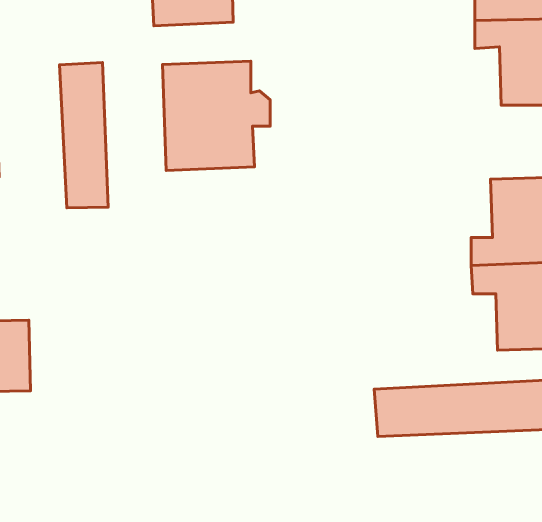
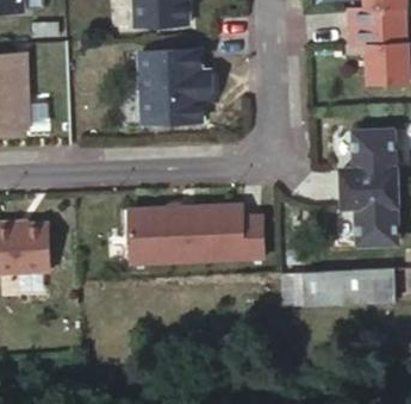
building: [60,62,108,208] -> none
building: none -> [130,206,263,263]

